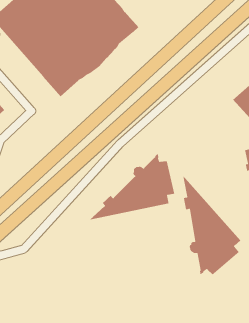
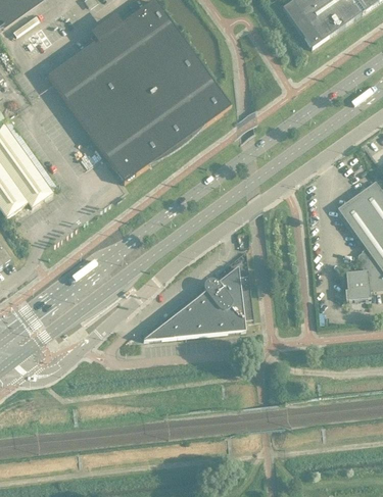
building: [182,175,241,276] -> none

